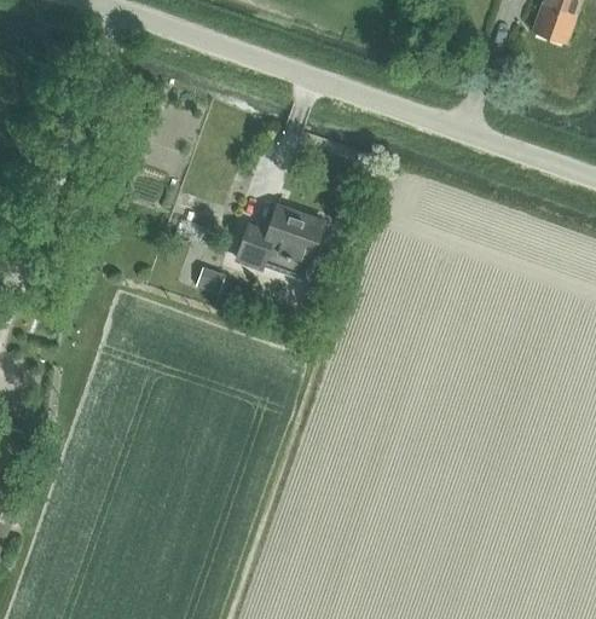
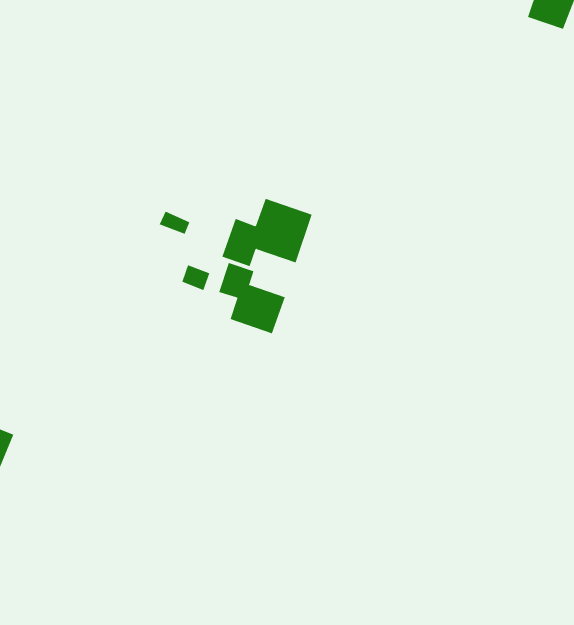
building: none -> [219,262,285,334]

